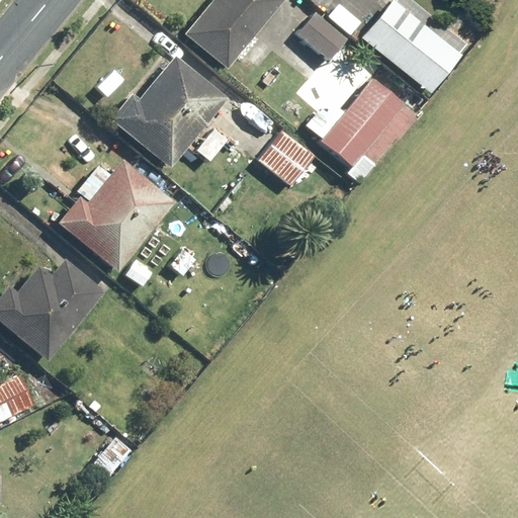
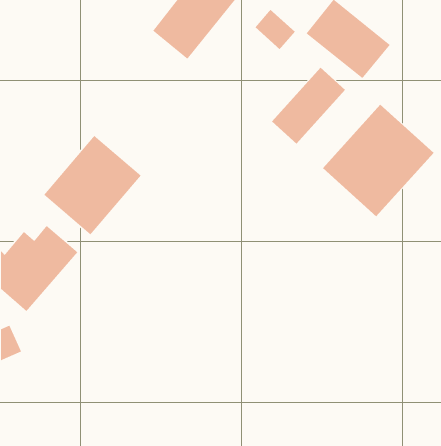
building: [113,55,225,168] -> none
building: none -> [322,104,434,217]
building: [259,130,316,186] -> none

